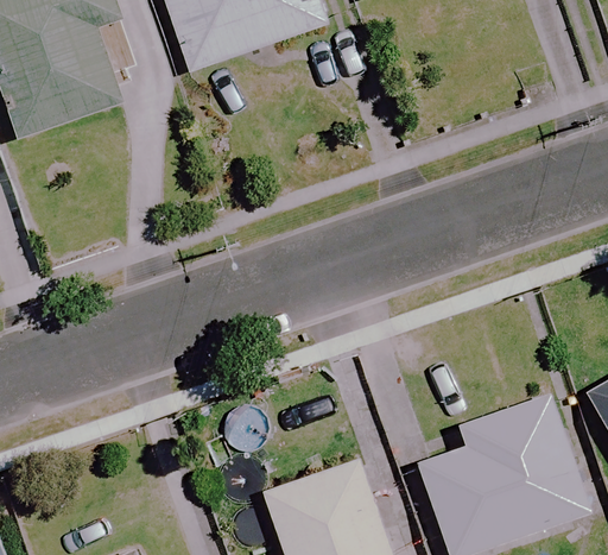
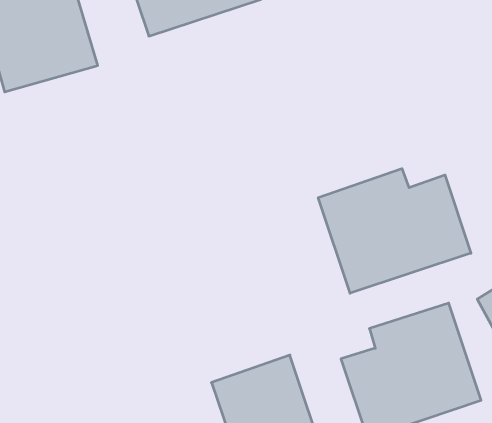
building: none -> [318,169,471,293]

